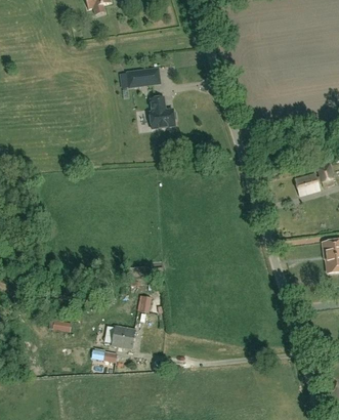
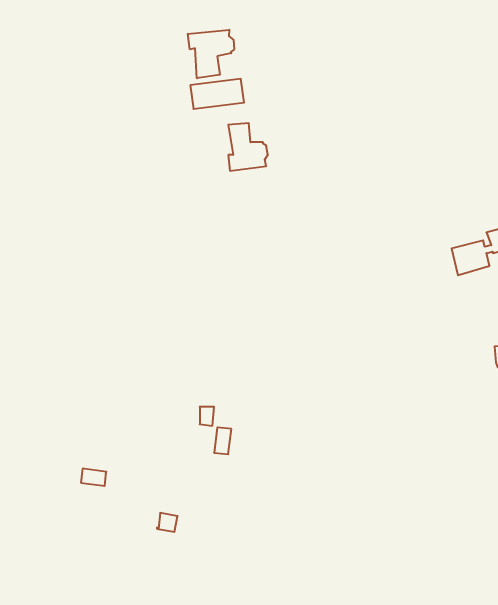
building: none -> [188,30,234,78]
building: [111,326,134,349] -> none

